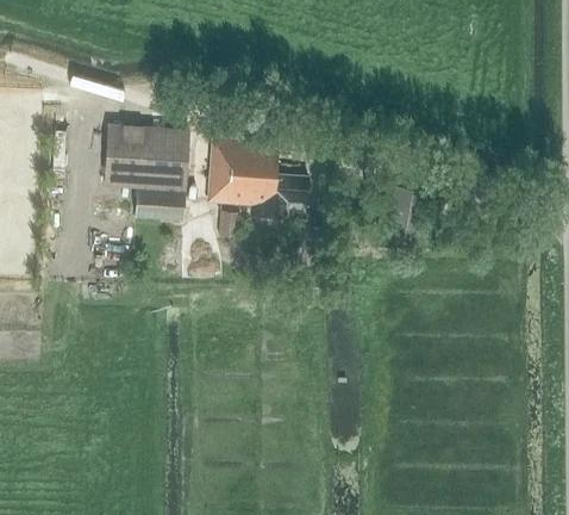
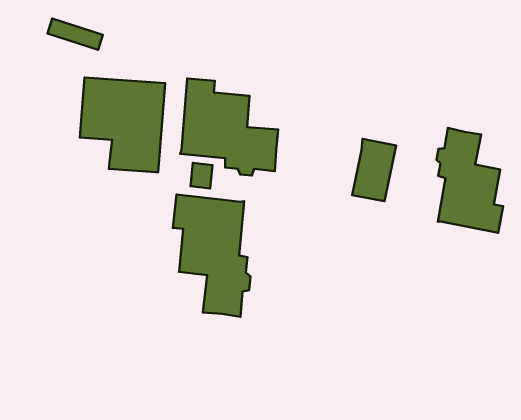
building: none -> [437,128,503,233]
building: none -> [173,195,250,317]

